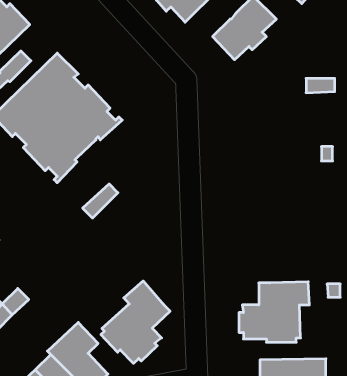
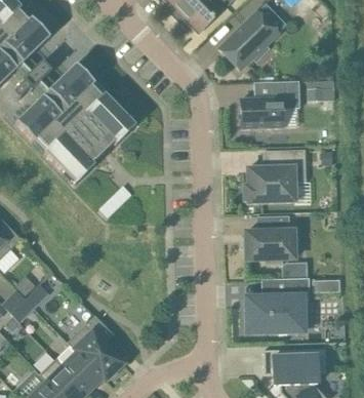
building: none -> [242,80,300,128]
building: none -> [245,150,307,202]
building: none -> [245,215,295,262]
building: [101,281,170,363] -> none

